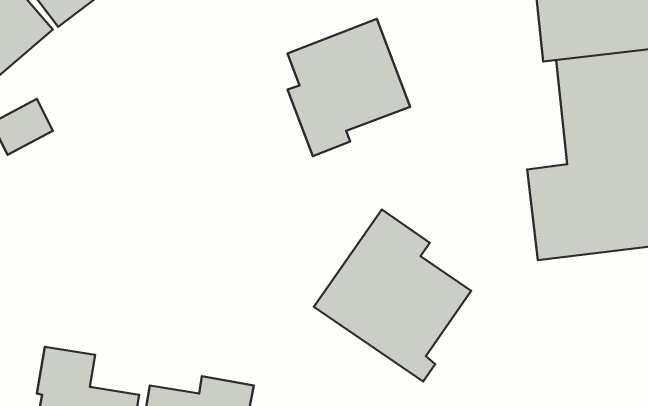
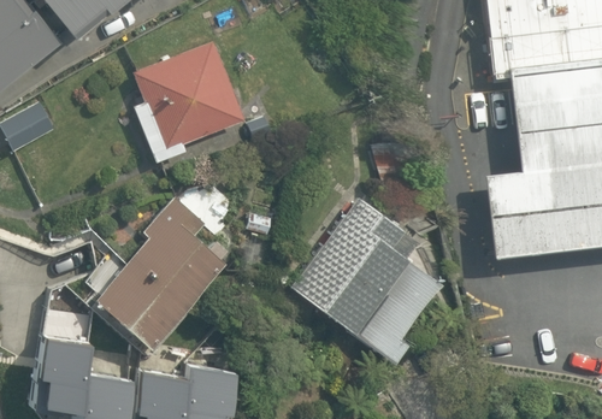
building: [288,19,410,156] -> [132,42,243,166]
building: none -> [99,205,222,349]

